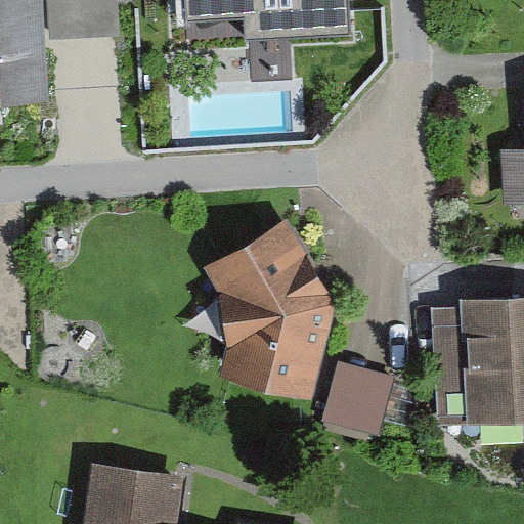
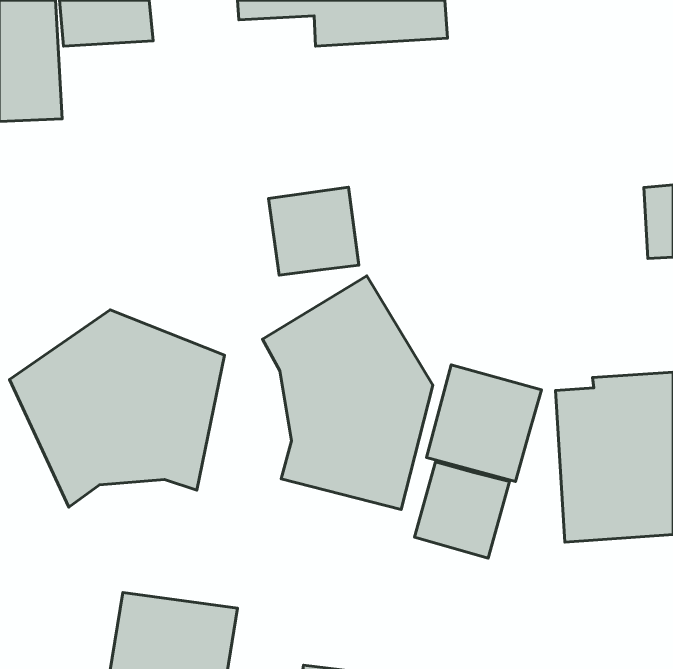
building: none -> [269,187,359,275]
building: none -> [9,310,225,507]
building: none -> [427,365,542,482]

